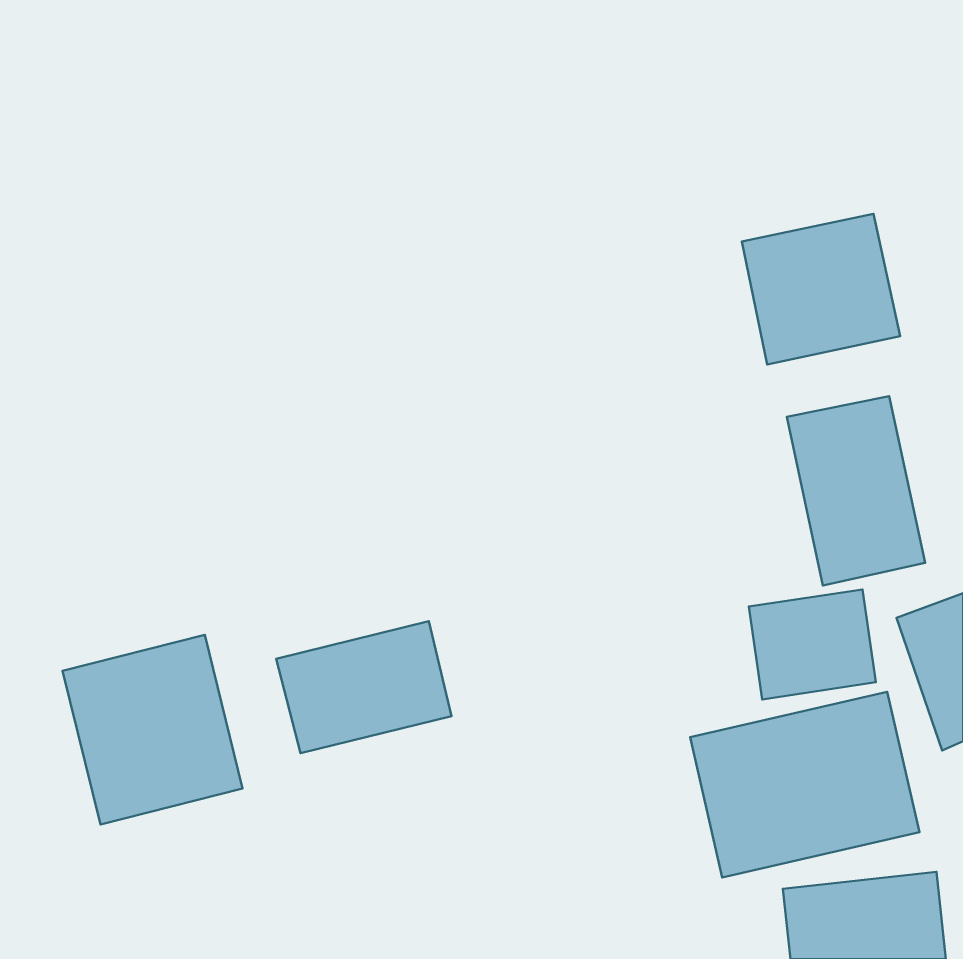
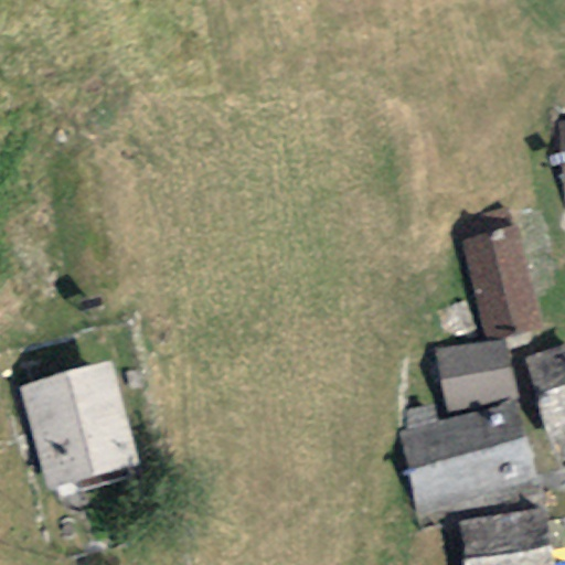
building: [742,214,900,365] -> none
building: [276,621,451,753] -> none

